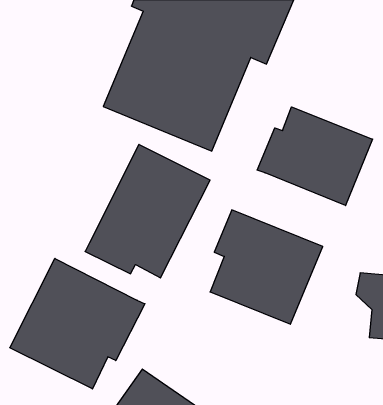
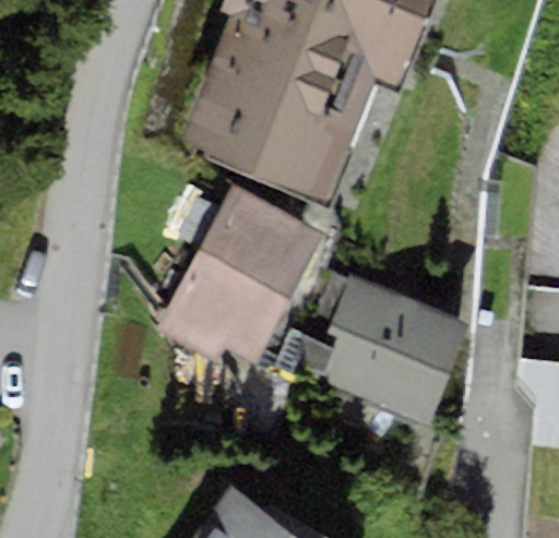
building: [257,107,373,206] -> none
building: [10,258,145,389] -> none

